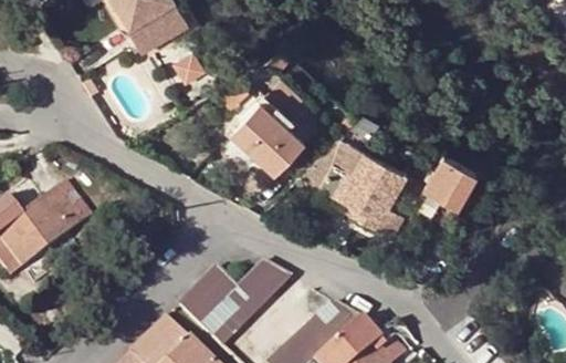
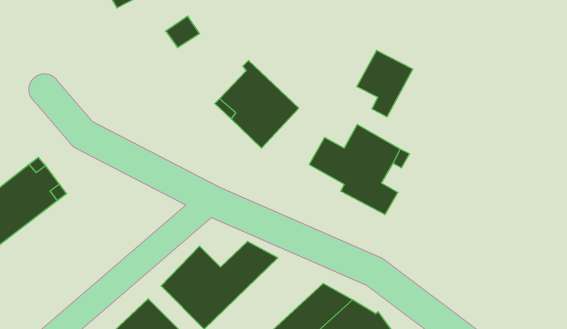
building: [424,154,478,217] -> [357,50,413,117]

